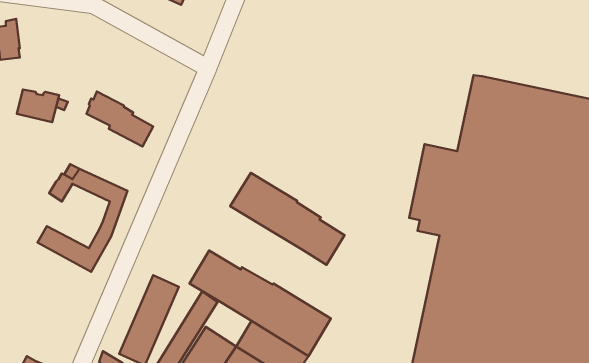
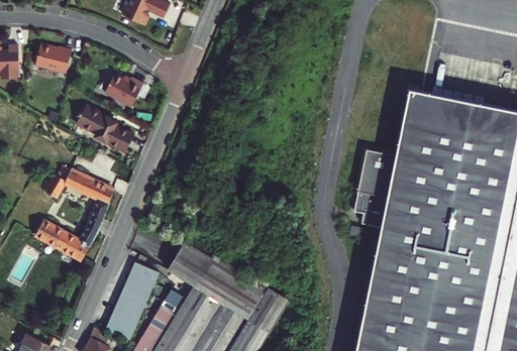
building: none -> [104,74,143,107]
building: [17,89,59,122] -> [35,44,72,73]
building: [230,173,345,265] -> none
building: none -> [180,286,219,325]

